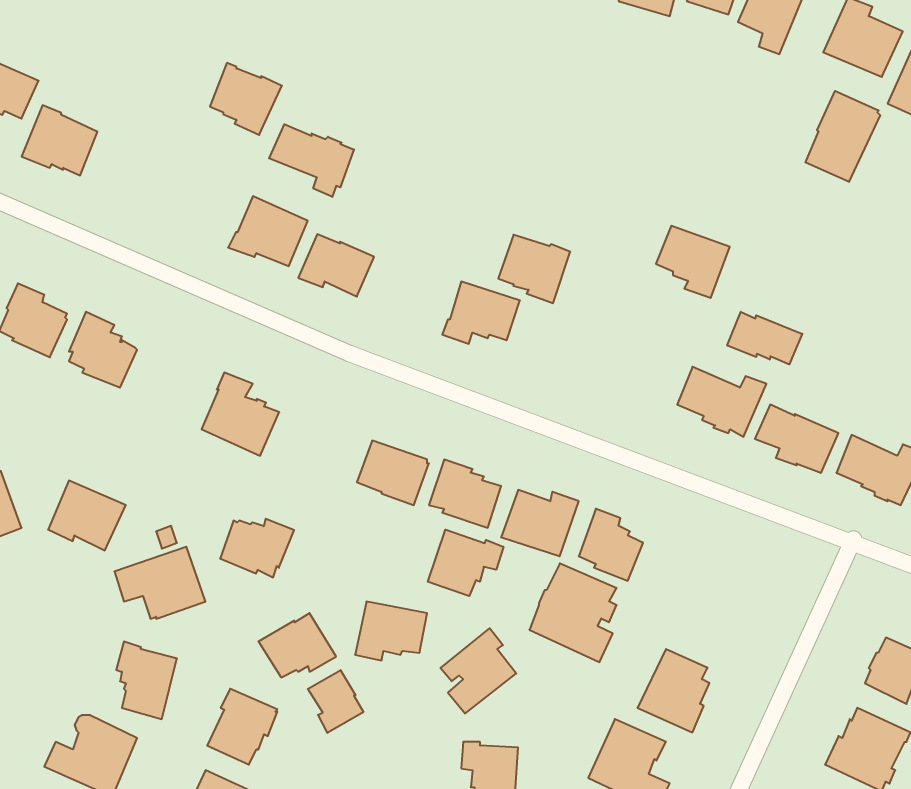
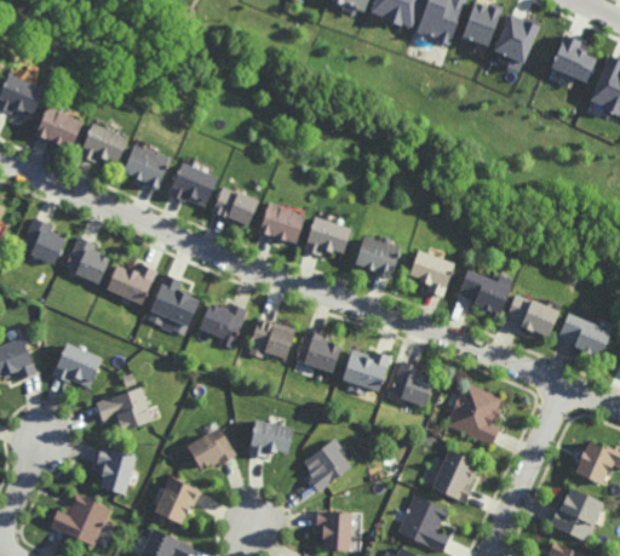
building: [210,63,282,135] -> [125,143,171,189]
building: [805,91,880,182] -> none
building: [269,124,354,197] -> none
building: none -> [79,121,130,167]
building: [656,226,730,298] -> [404,251,452,297]
building: [498,235,570,303] -> [357,235,403,279]
building: none -> [259,200,306,242]
building: [727,312,802,364] -> none
building: none -> [105,263,156,304]
building: [220,519,294,577] -> [200,303,247,340]
building: [428,530,503,596] -> none
building: [529,563,617,662] -> [446,383,501,446]
building: [308,670,363,733] -> none

